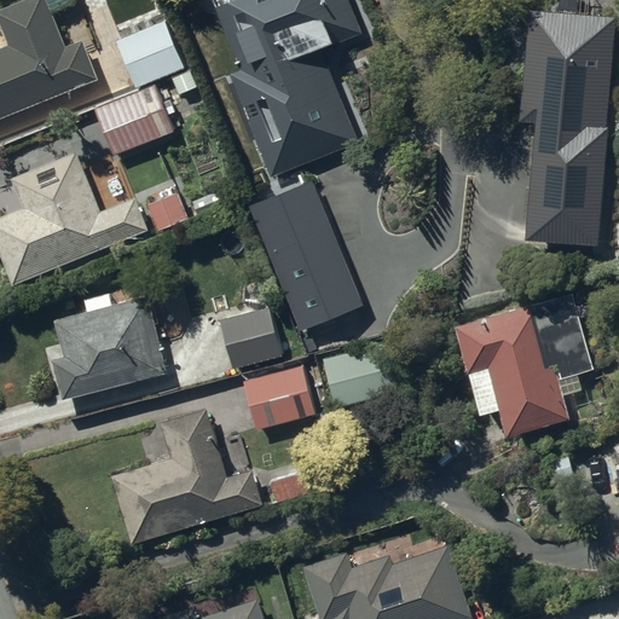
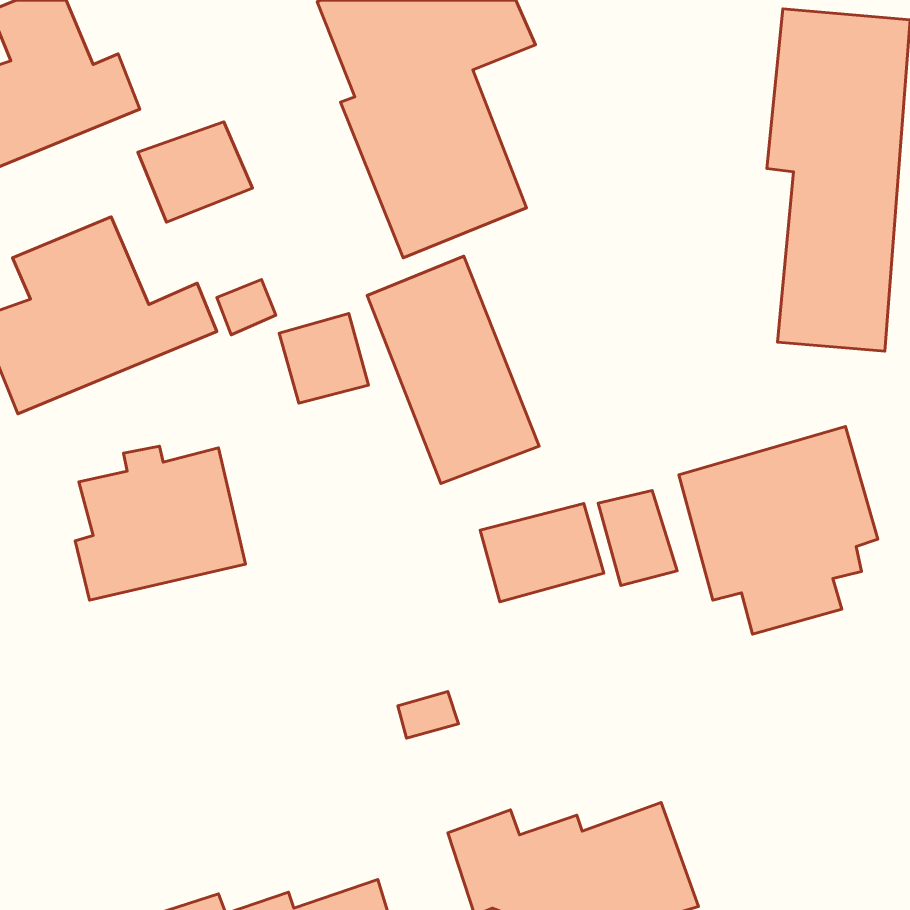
building: [115,21,183,87] -> none
building: [219,311,279,371] -> [279,314,369,403]
building: none -> [598,491,677,586]
building: [245,370,316,434] -> none
building: [111,415,264,549] -> none

